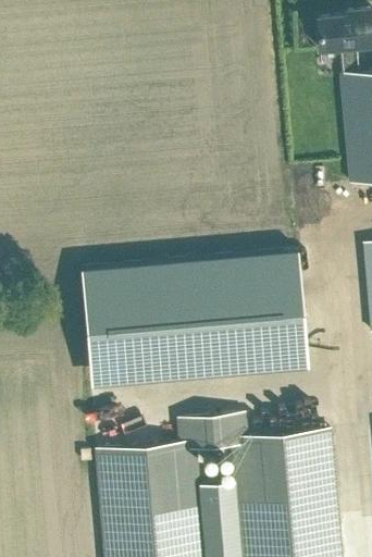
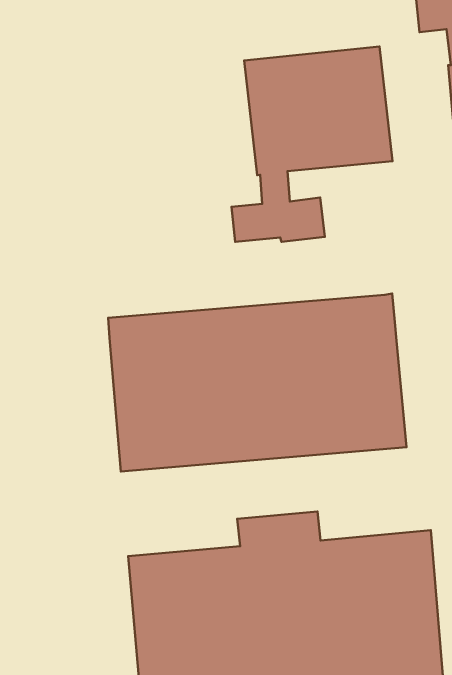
building: none -> [232,46,392,242]

